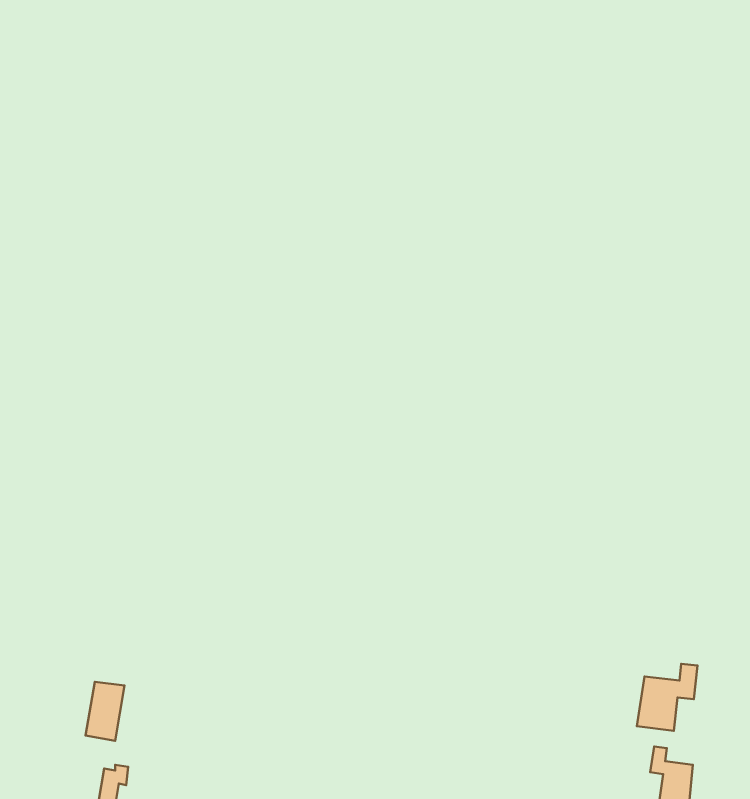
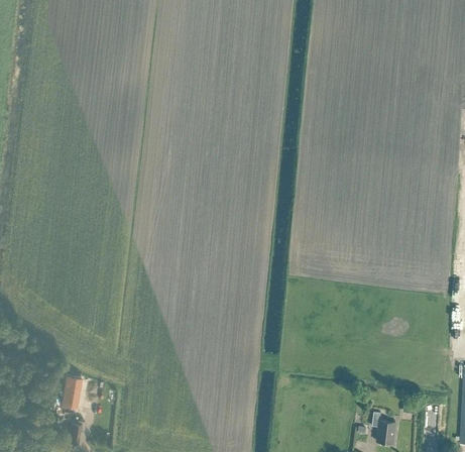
building: [637,664,697,731] -> none

